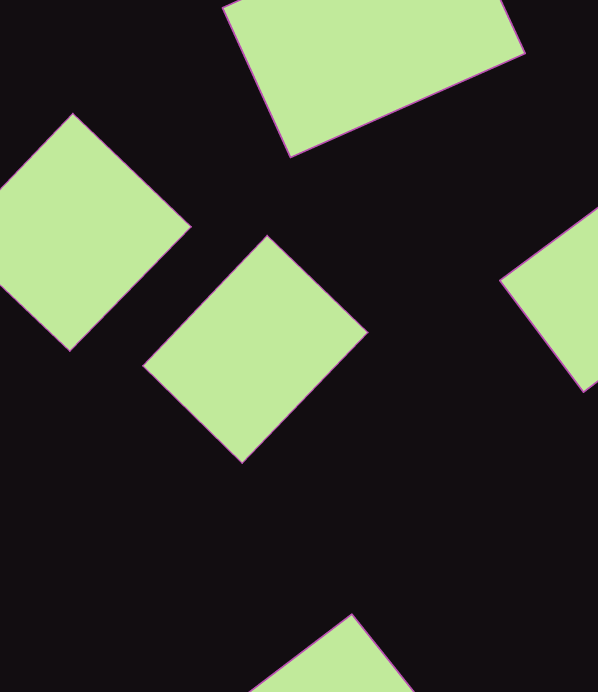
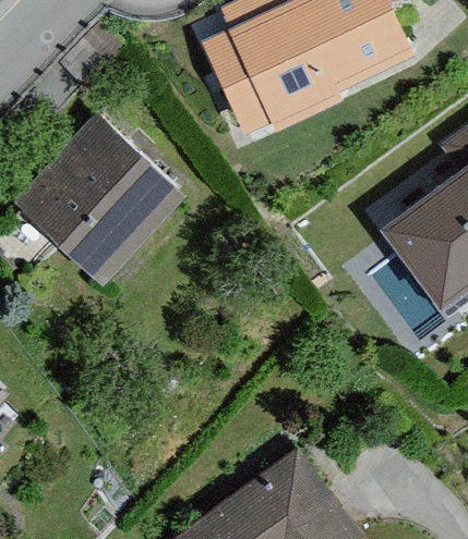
building: [143,235,368,463] -> none

